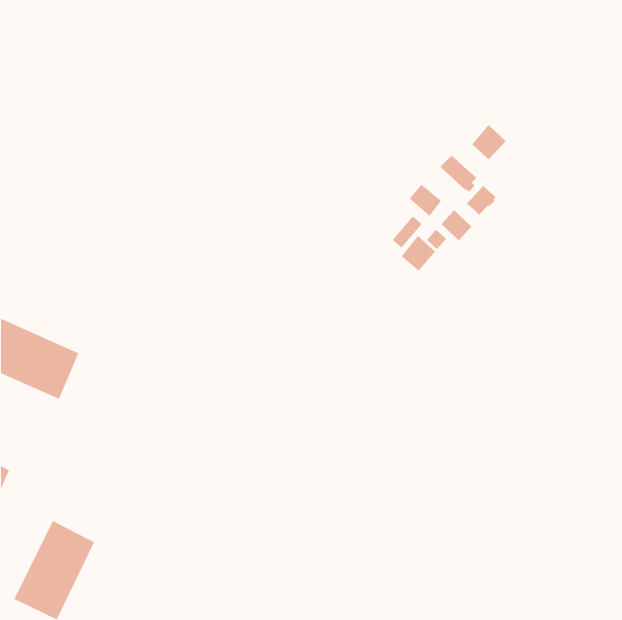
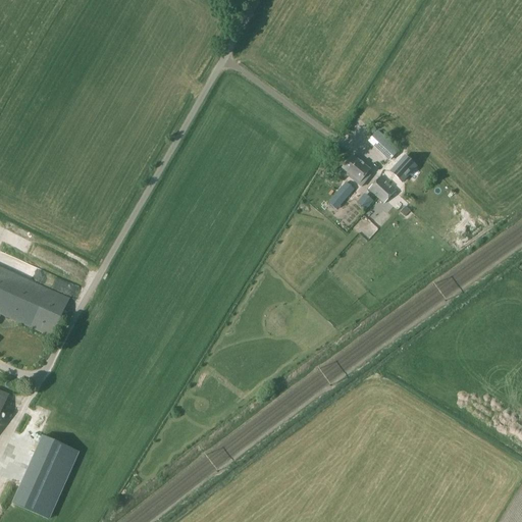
building: [471,124,506,160] -> none
building: [401,235,436,272] -> none

